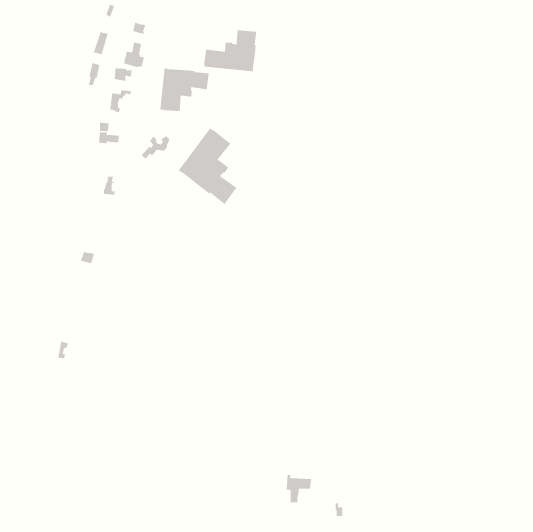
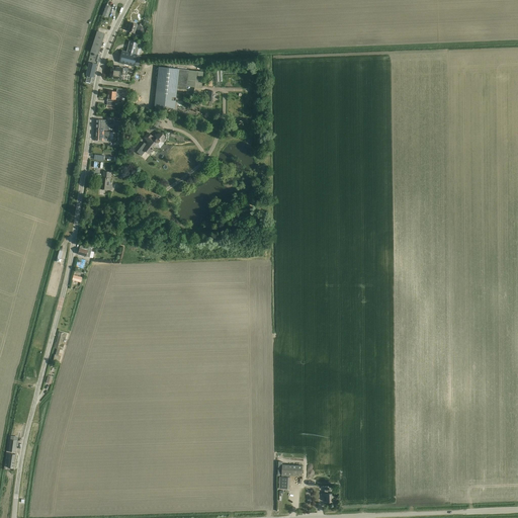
building: [204,30,257,72] -> none
building: [178,128,237,205] -> none

